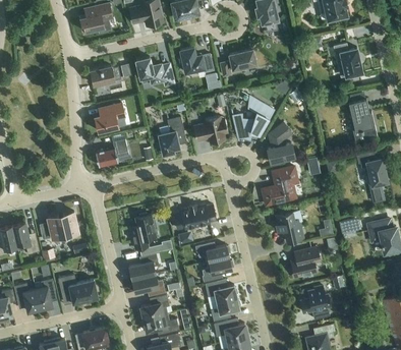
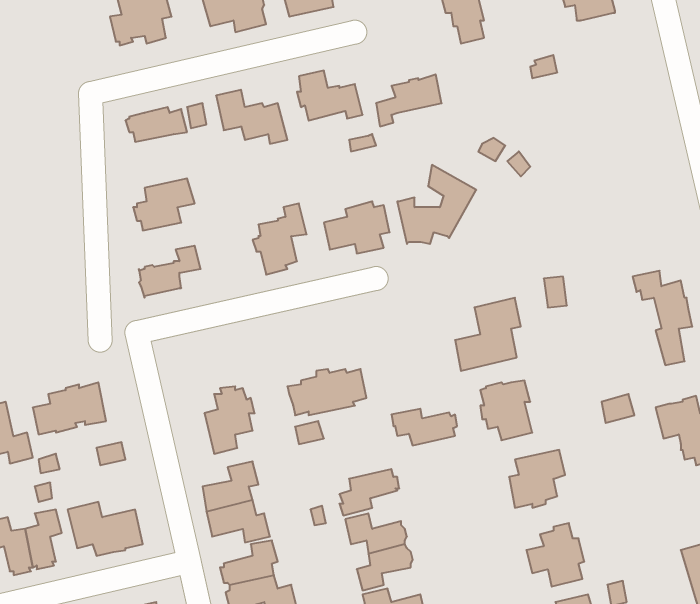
building: [333,43,362,78] -> none
building: [348,99,377,139] -> none
building: [268,123,294,162] -> none
building: [195,243,230,262] -> [391,409,457,445]

